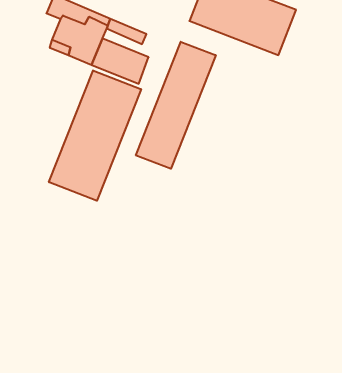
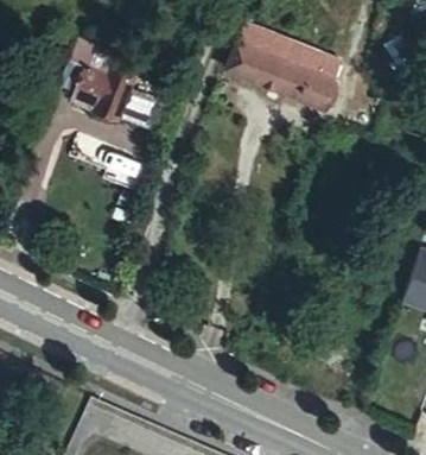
building: [136,42,216,169] -> none
building: [49,70,141,201] -> none

